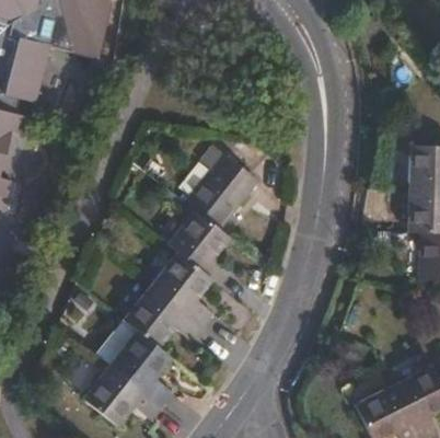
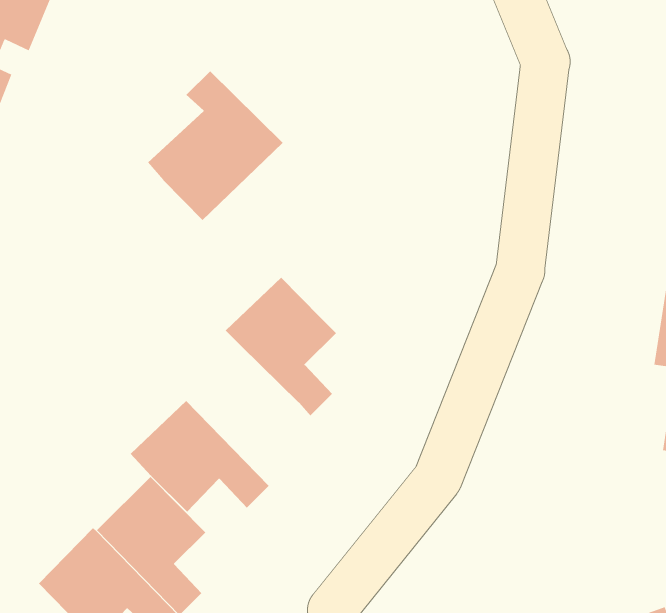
building: [184,146,258,230] -> [147,70,283,221]
building: [150,252,213,327] -> none

